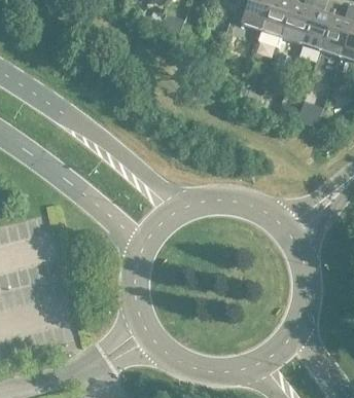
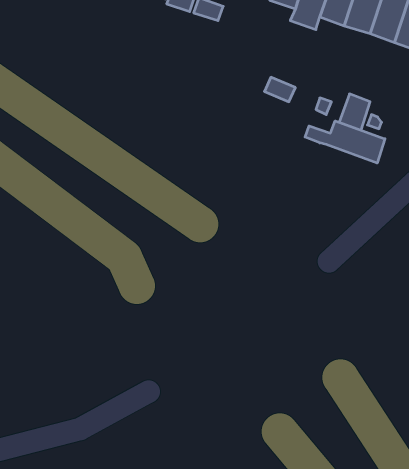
building: none -> [305,121,385,163]

